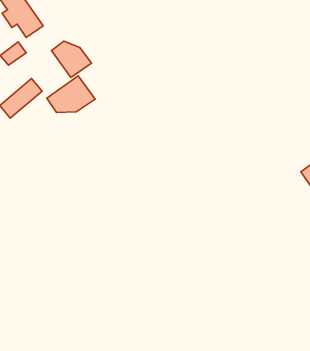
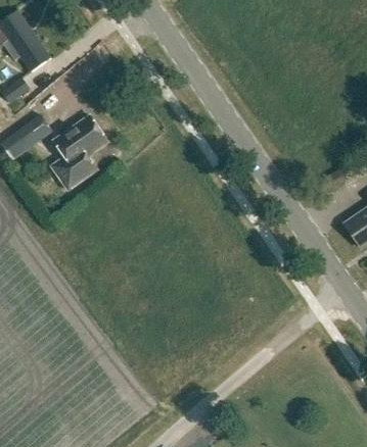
building: [51,41,92,78] -> none
building: none -> [50,157,97,193]

